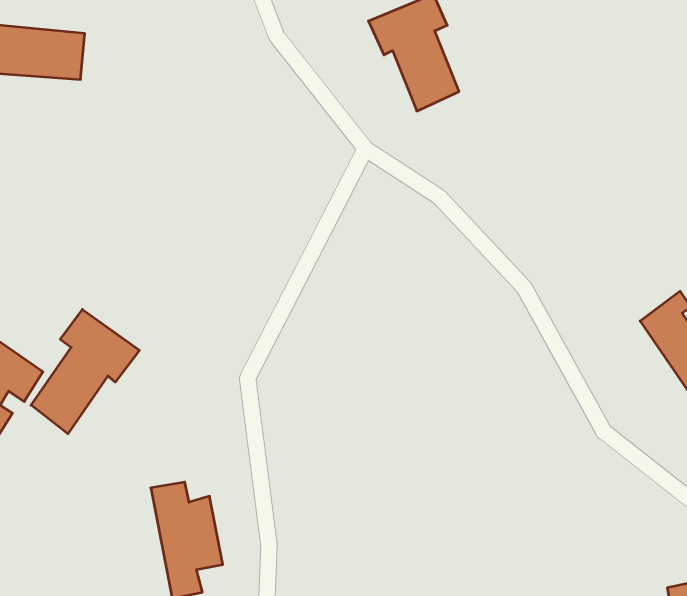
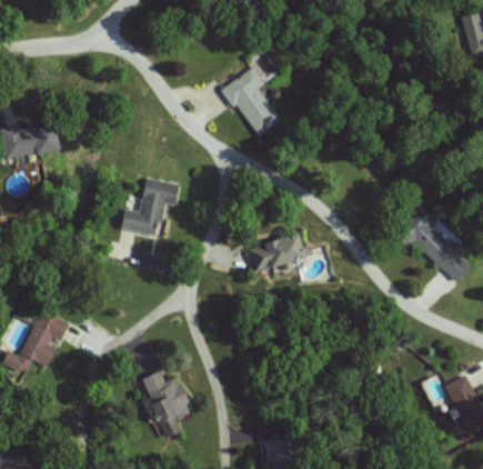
building: none -> [120,178,180,236]
building: none -> [245,229,309,277]
building: [31,309,139,434] -> none

